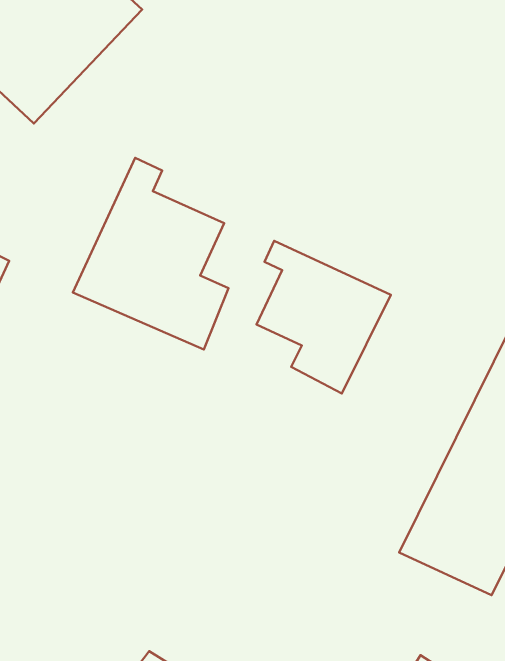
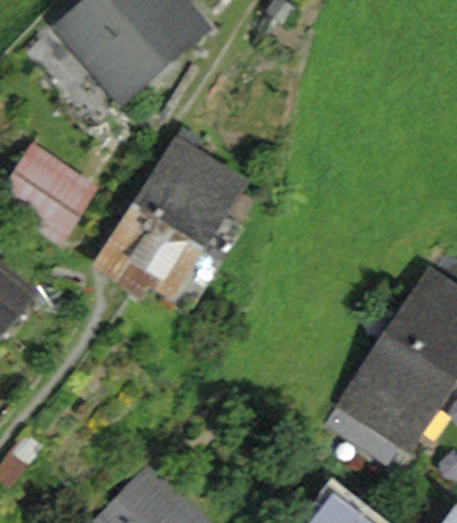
building: [256,241,391,393] -> none
building: none -> [107,218,213,316]

